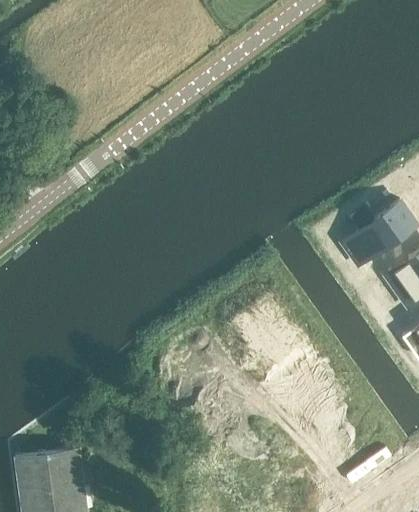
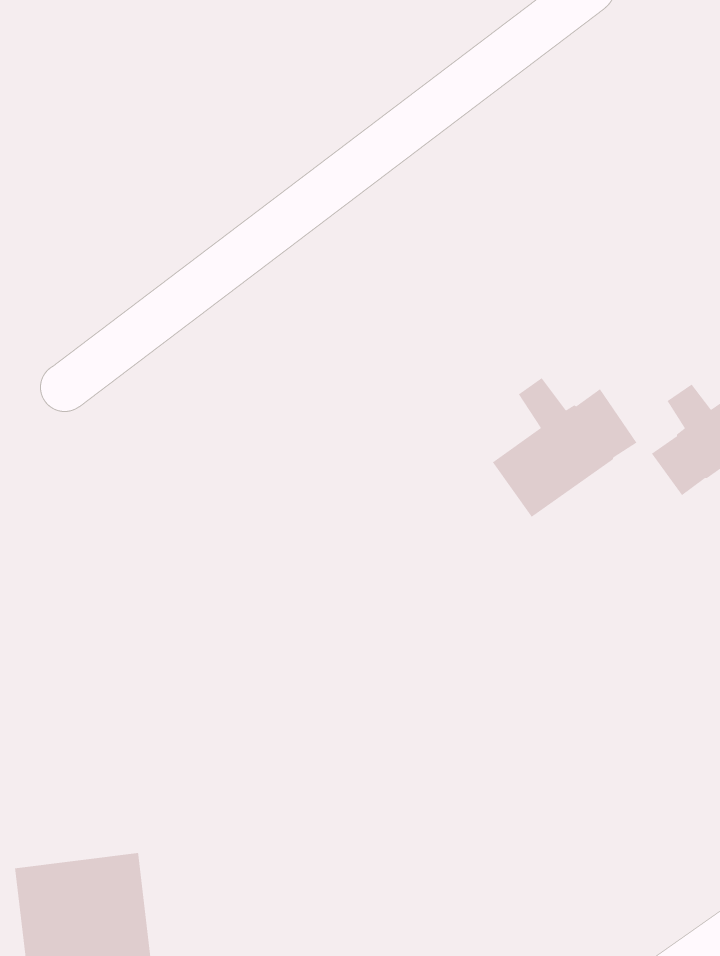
building: none -> [492,377,638,518]

